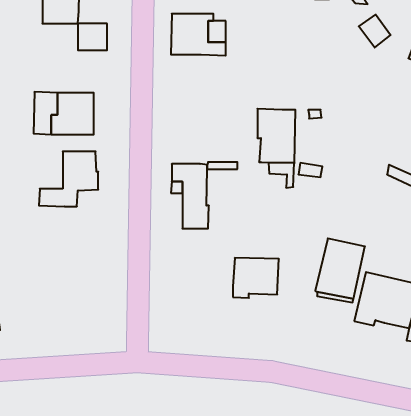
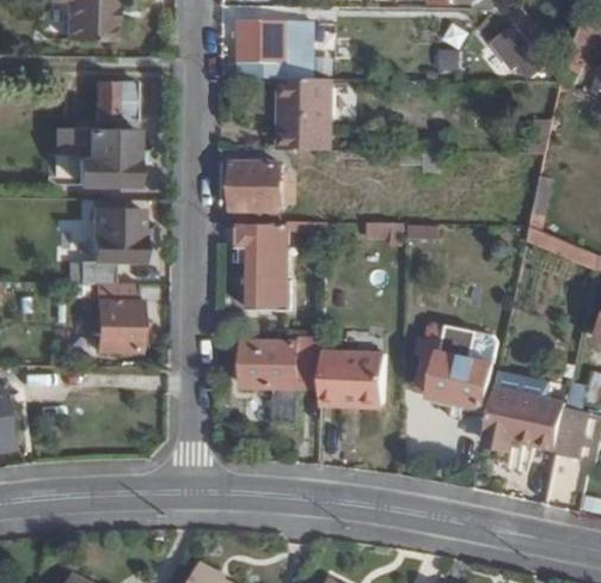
building: [78,24,107,50] -> [93,81,133,117]
building: [257,109,295,163] -> [277,76,329,149]
building: none -> [232,164,282,223]
building: none -> [93,281,139,349]
building: none -> [238,335,323,423]

